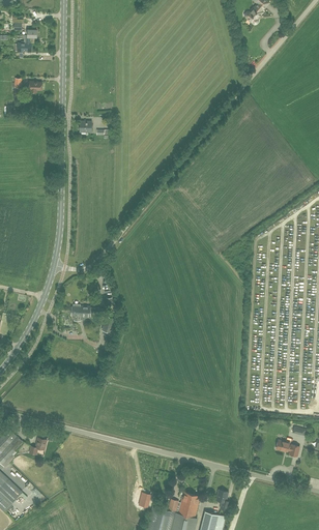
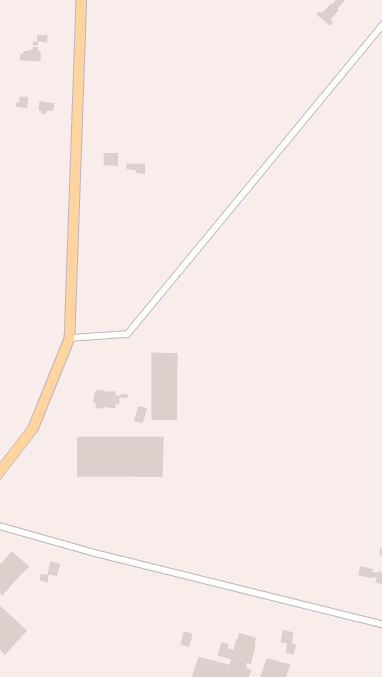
building: none -> [151,352,178,421]
building: none -> [76,436,165,478]

